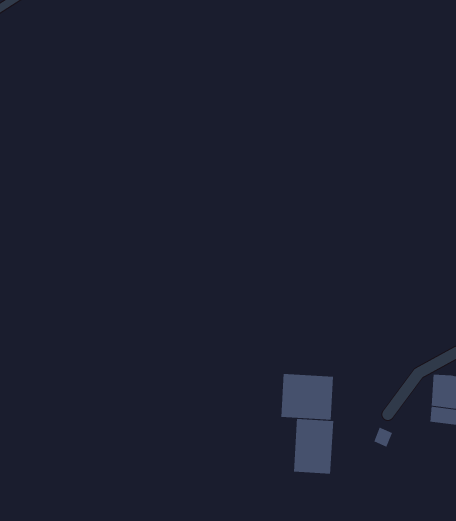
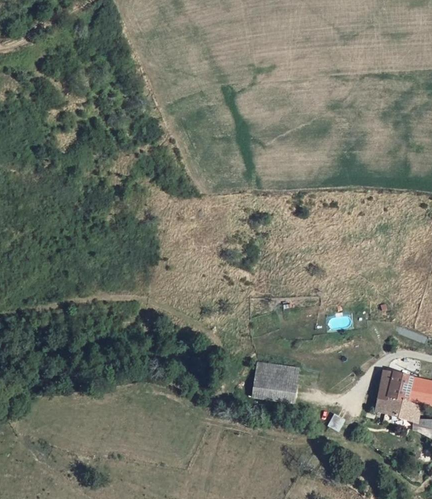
building: [293,418,334,475] -> none

